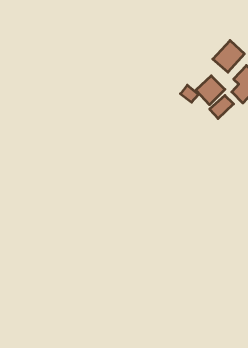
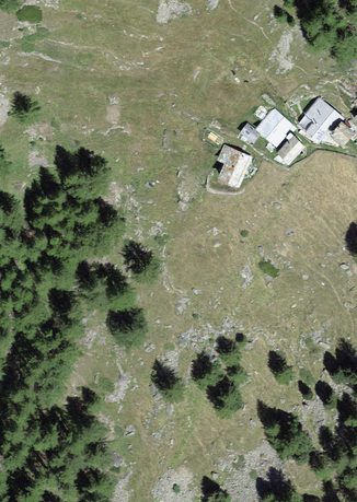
building: [213,40,244,72] -> none
building: none -> [212,141,250,187]

